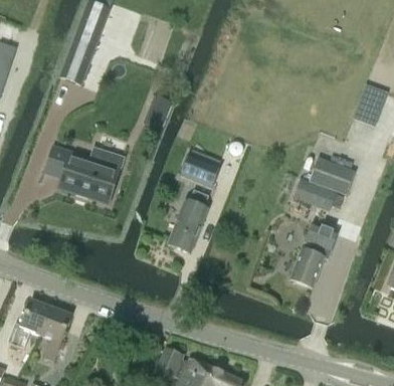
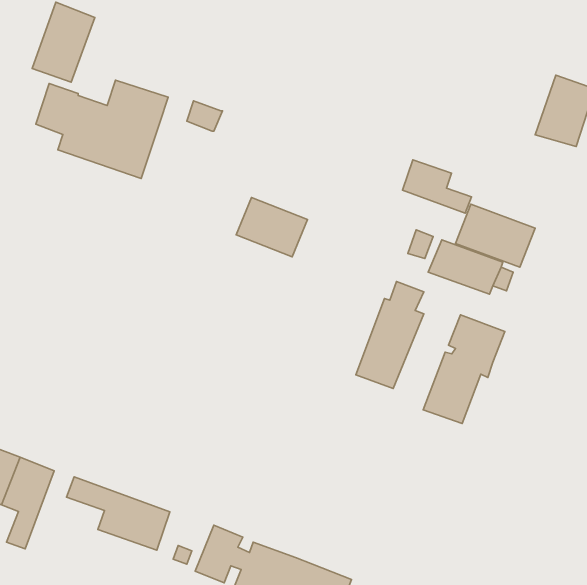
building: none -> [403,160,471,213]
building: [45,145,124,203] -> [36,80,168,179]
building: [168,189,208,252] -> [356,282,424,389]
building: none -> [67,477,170,550]

